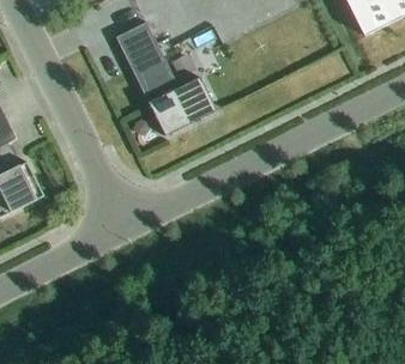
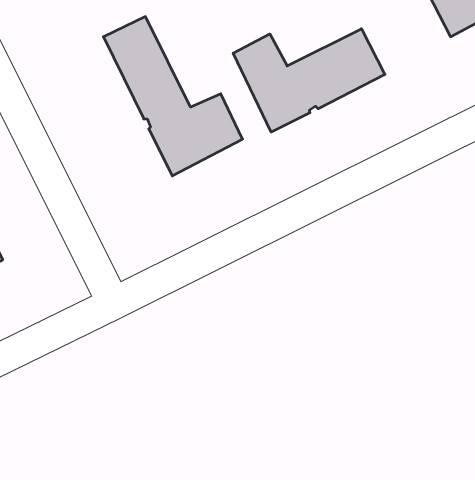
building: none -> [233,29,385,132]

